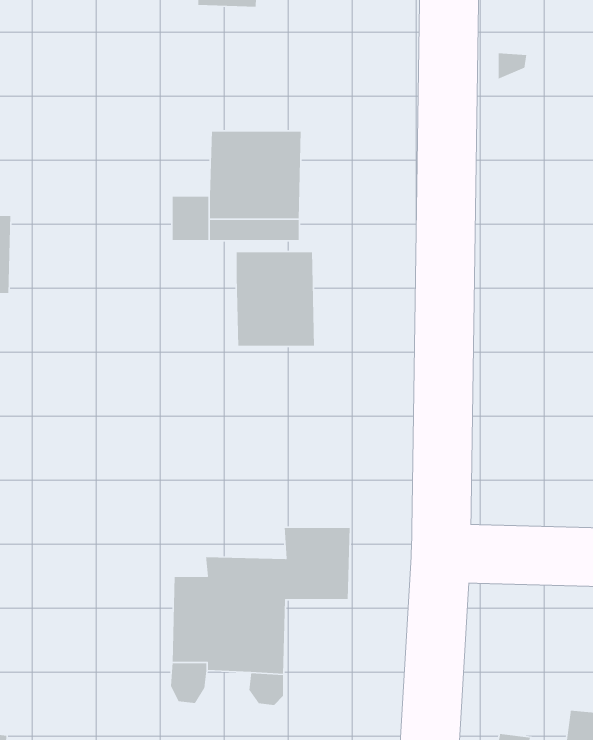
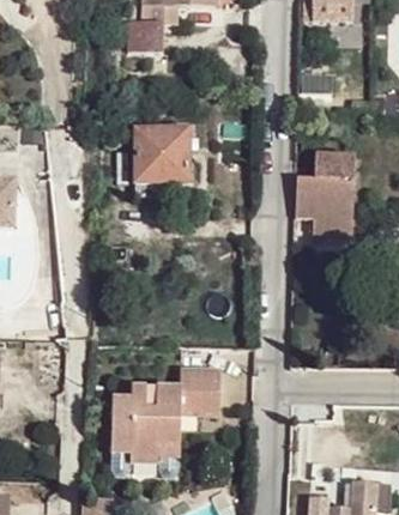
building: none -> [296,151,355,236]
building: [236,251,315,346] -> none

